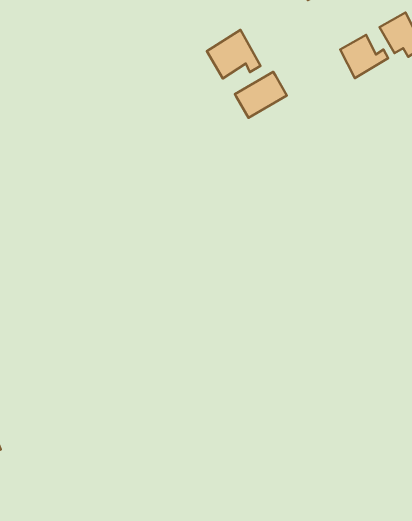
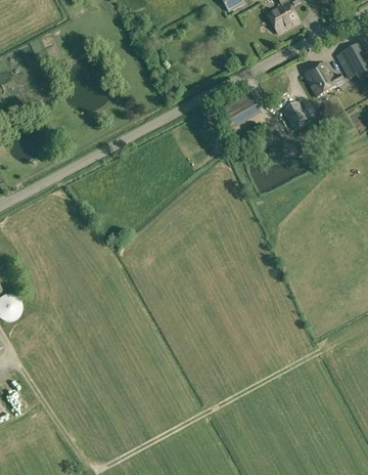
building: [207,30,261,78] -> none
building: none -> [282,99,309,127]

